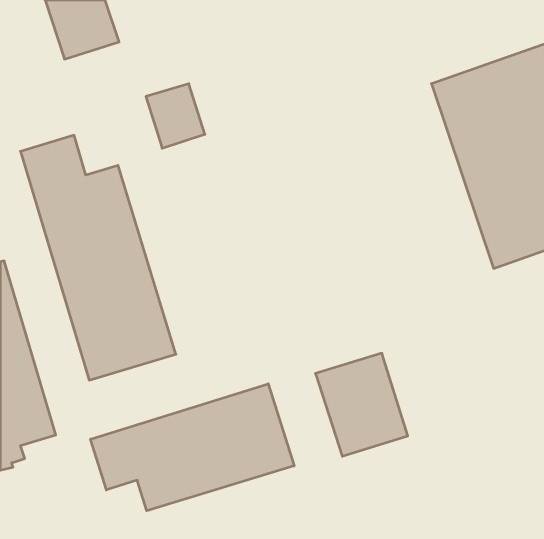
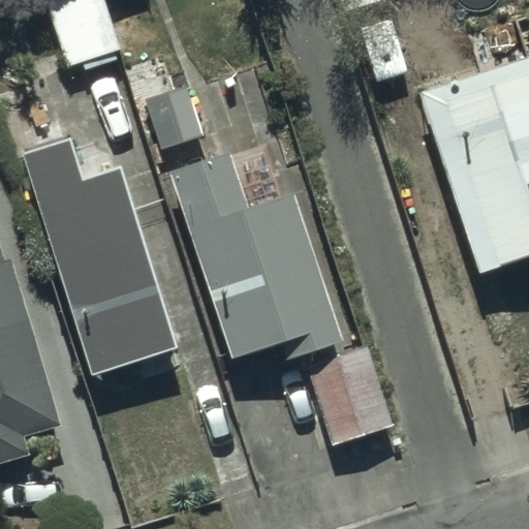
building: none -> [174,153,342,357]
building: [91,384,294,511] -> none

